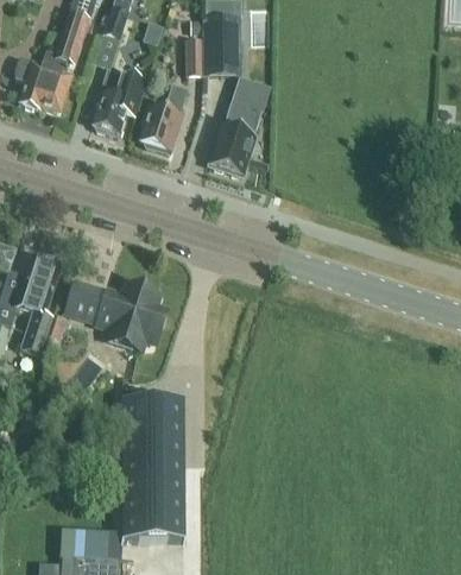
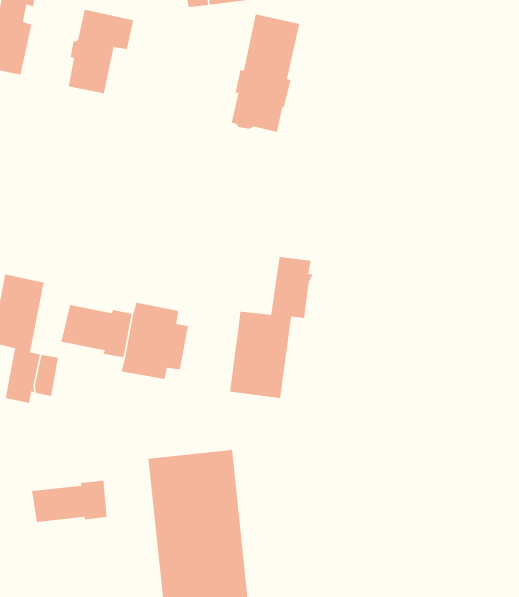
building: [139,82,187,149] -> none
building: none -> [229,256,314,399]
building: none -> [31,480,107,523]

